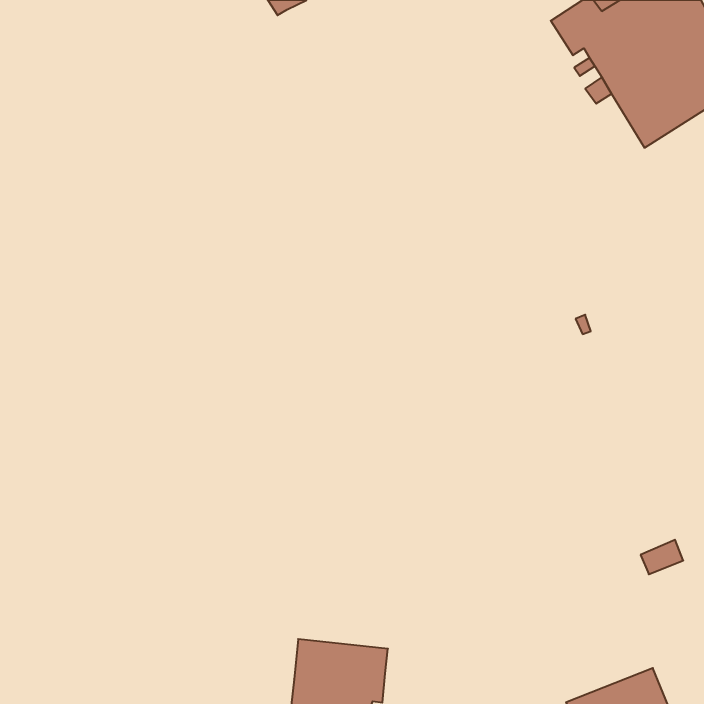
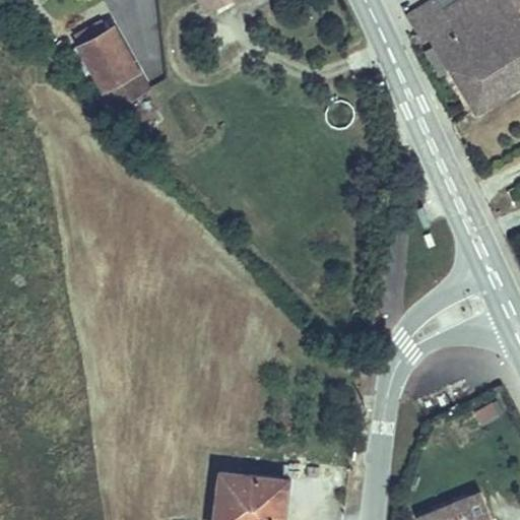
building: none -> [79,24,149,106]

